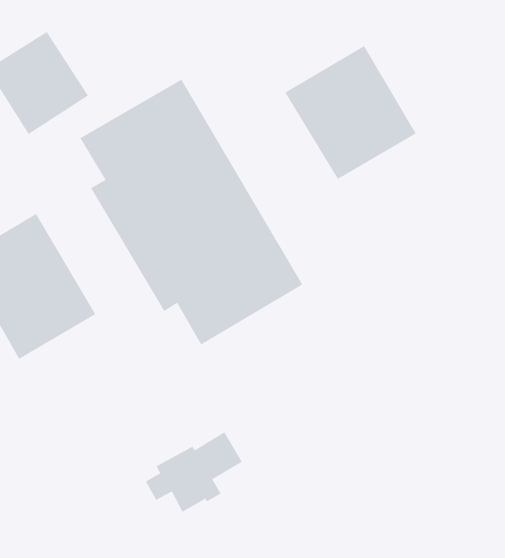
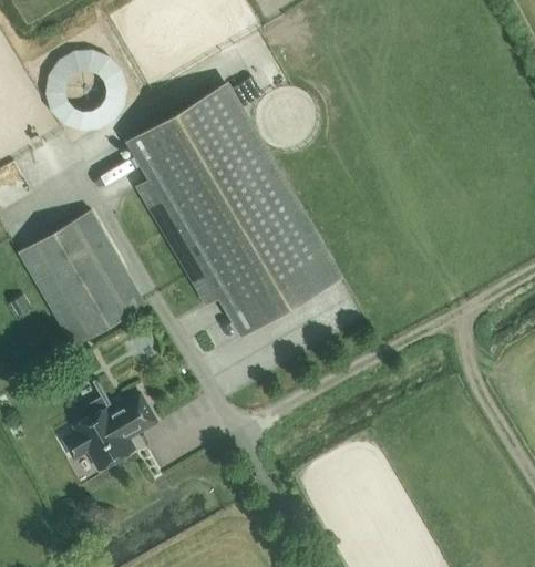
building: [285,45,416,180] -> none
building: [145,432,244,512] -> [65,394,157,470]

